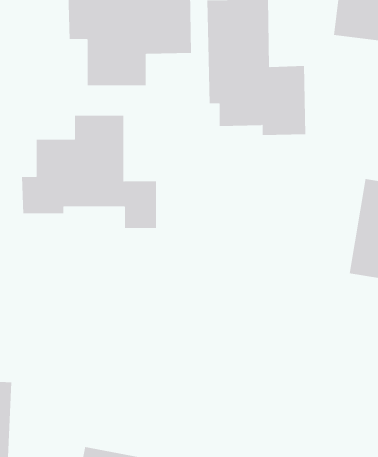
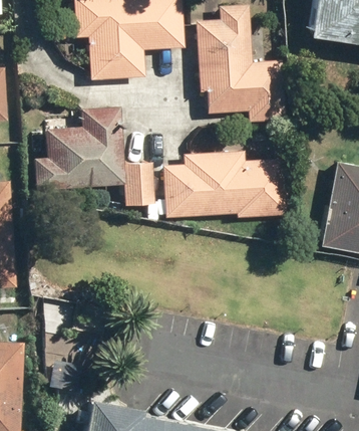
building: none -> [164,155,288,220]

